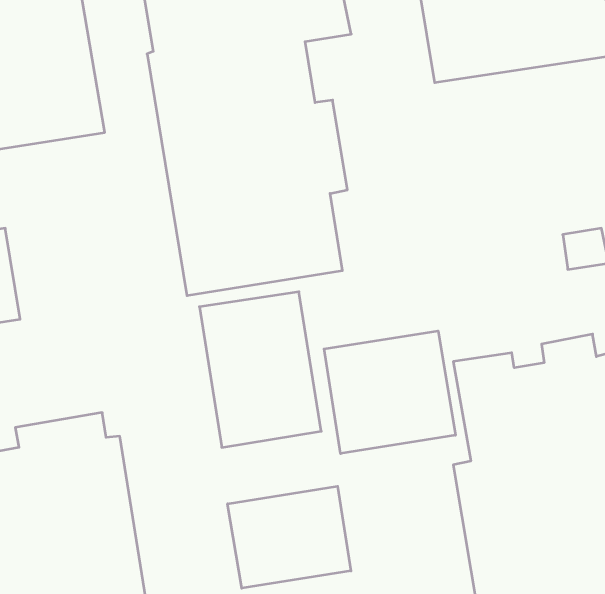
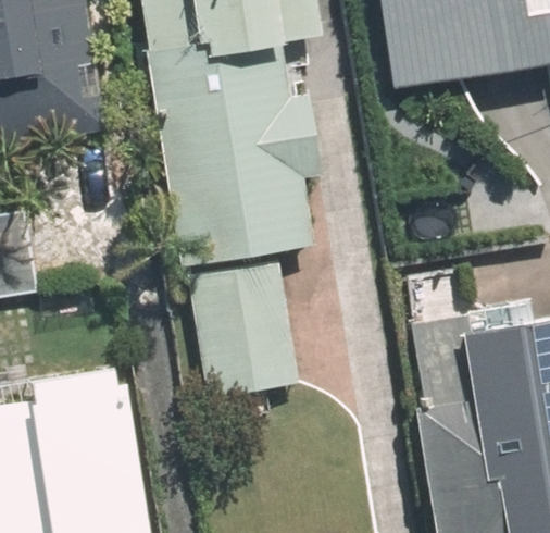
building: [324,331,455,454] -> none
building: [228,486,351,588] -> none

